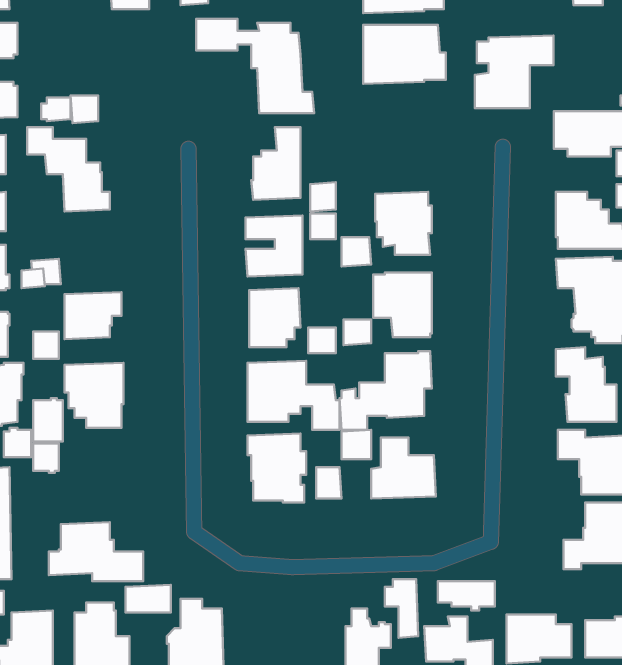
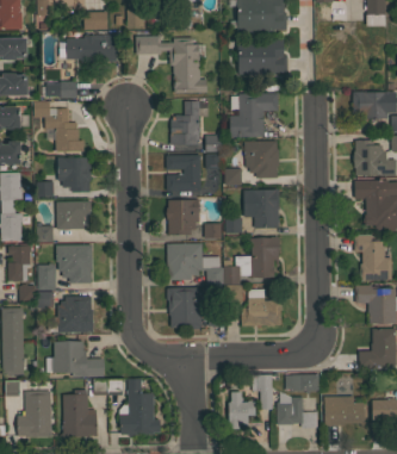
building: none -> [66,35,116,62]
building: [475,36,553,108] -> [230,93,278,137]
building: none -> [57,157,91,193]
building: none -> [48,296,94,332]

